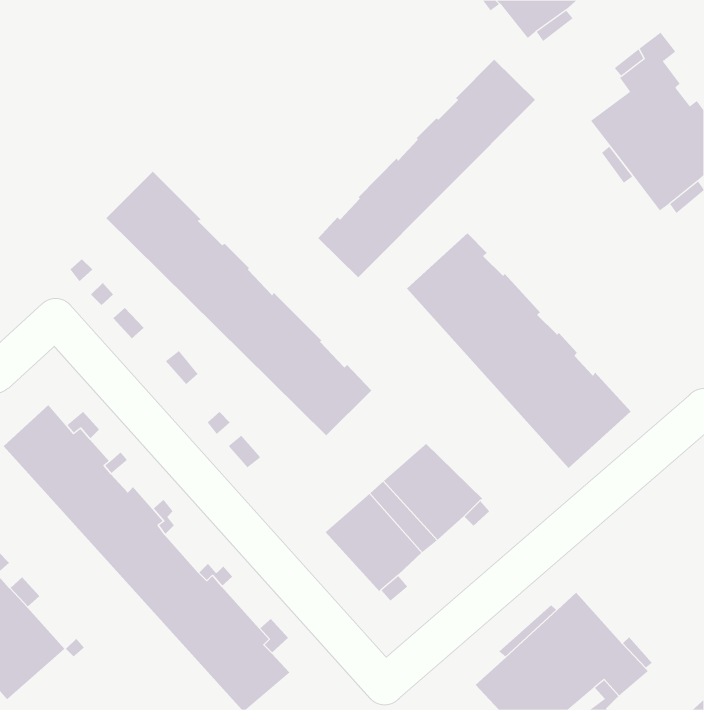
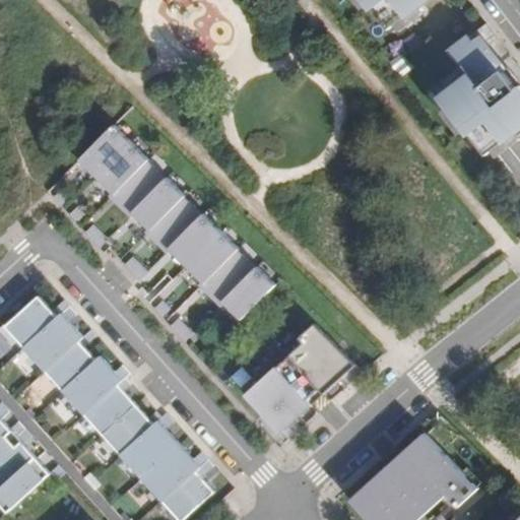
building: [318,59,536,278] -> none
building: [406,233,632,469] -> none

